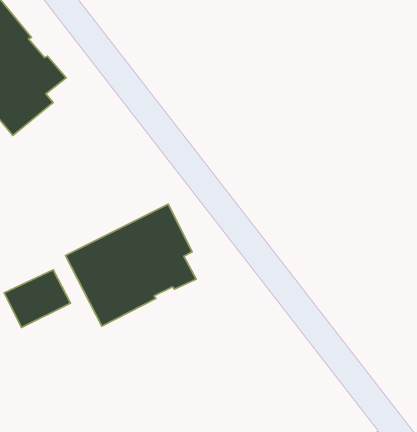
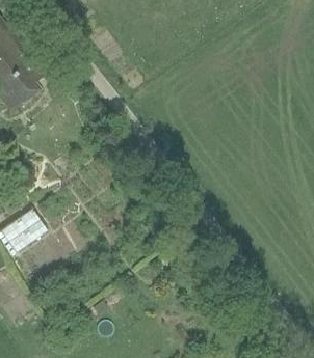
building: [65,204,196,326] -> none

